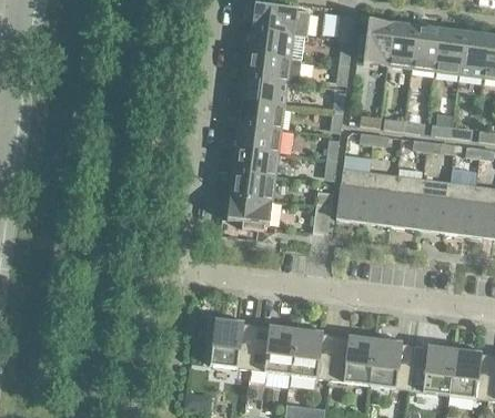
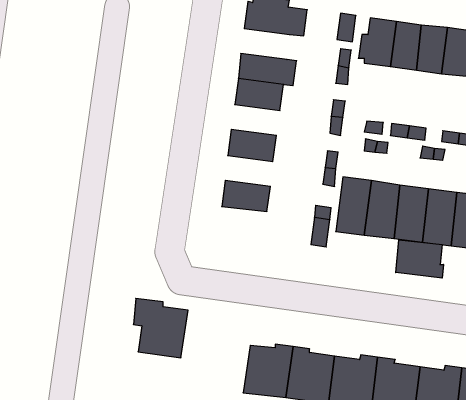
building: [248,29,293,58] -> none
building: [239,100,284,129] -> none
building: [233,147,277,176] -> none
building: [226,195,272,230] -> none
building: none -> [396,240,443,278]
building: [205,314,256,369] -> [133,298,188,358]

